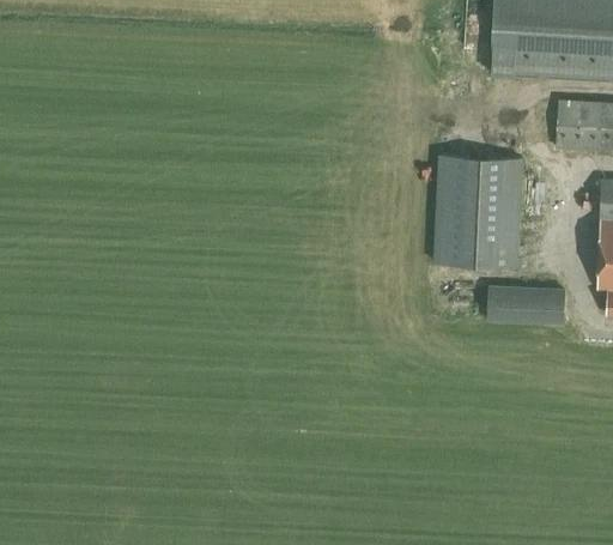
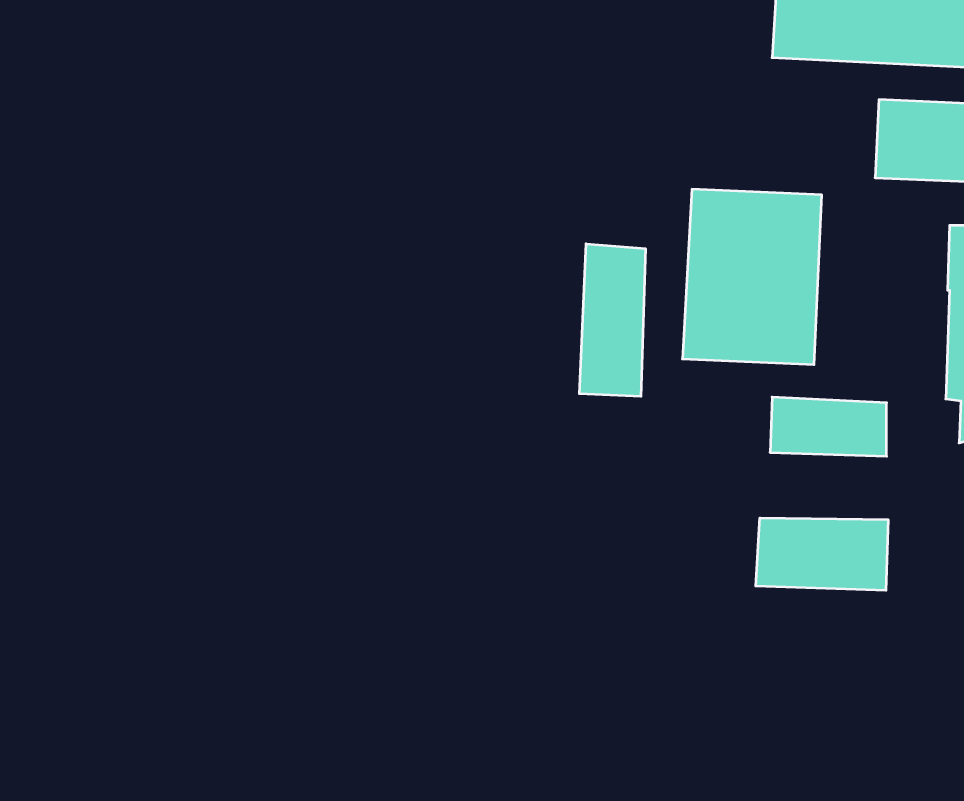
building: none -> [579,244,645,396]
building: none -> [756,518,888,590]

